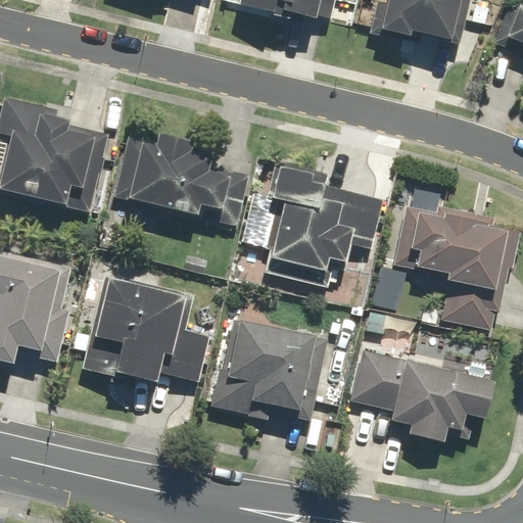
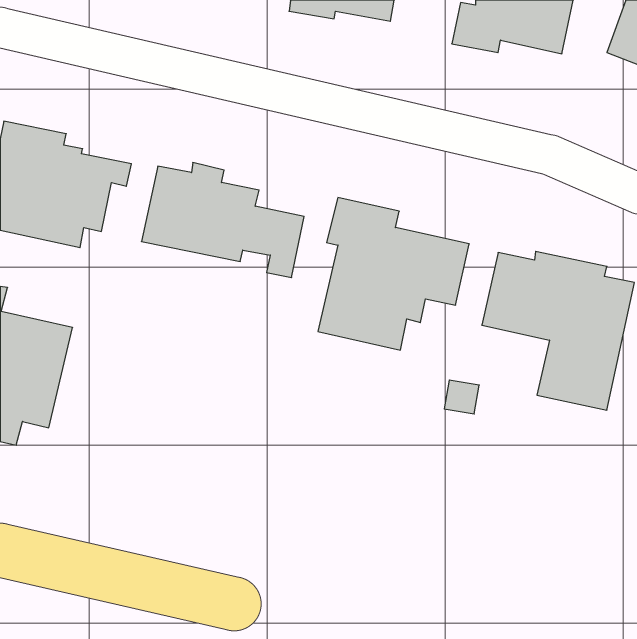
building: [82,275,211,382] -> none
building: [211,320,315,415] -> none
building: [350,349,493,442] -> none

